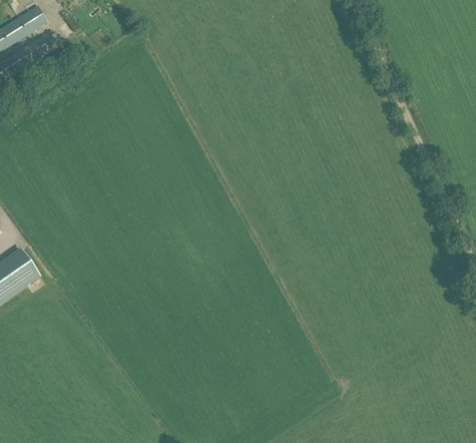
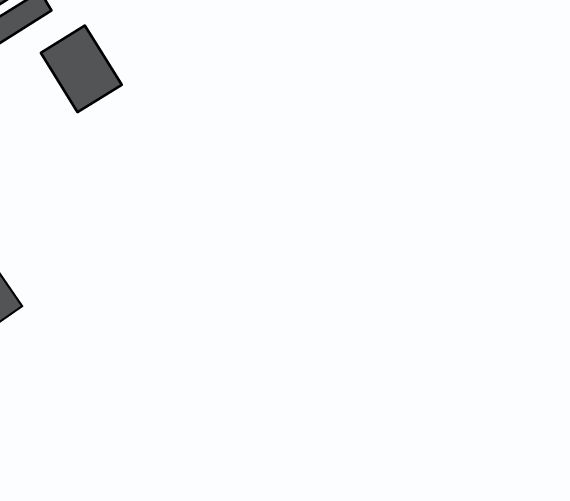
building: none -> [41,25,122,112]

